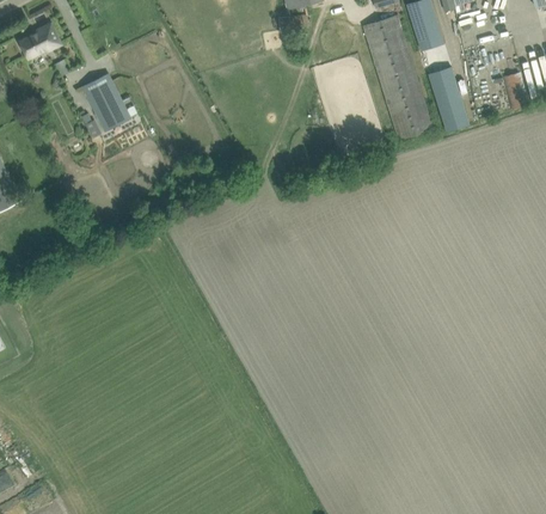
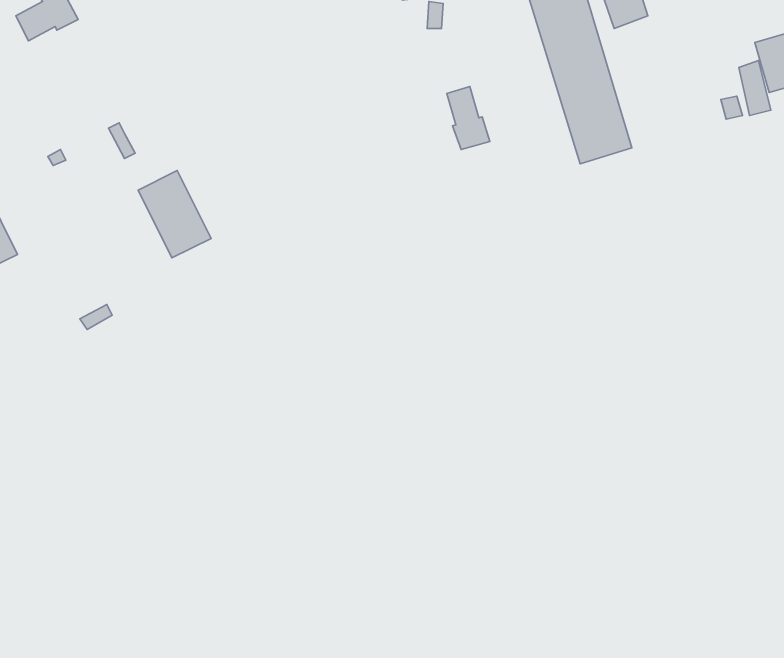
building: [427,66,470,131] -> none
building: [81,73,130,131] -> [138,171,211,258]
building: none -> [447,86,490,149]

